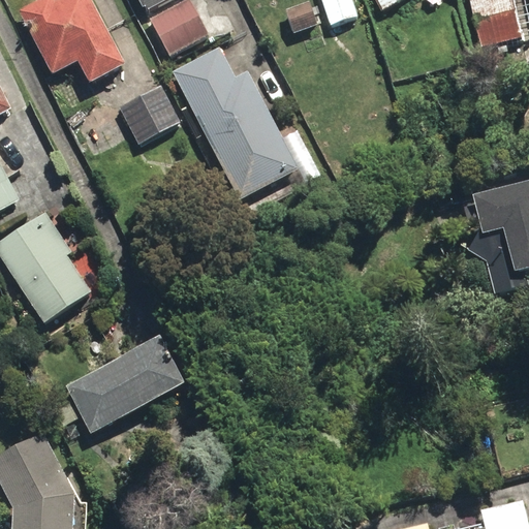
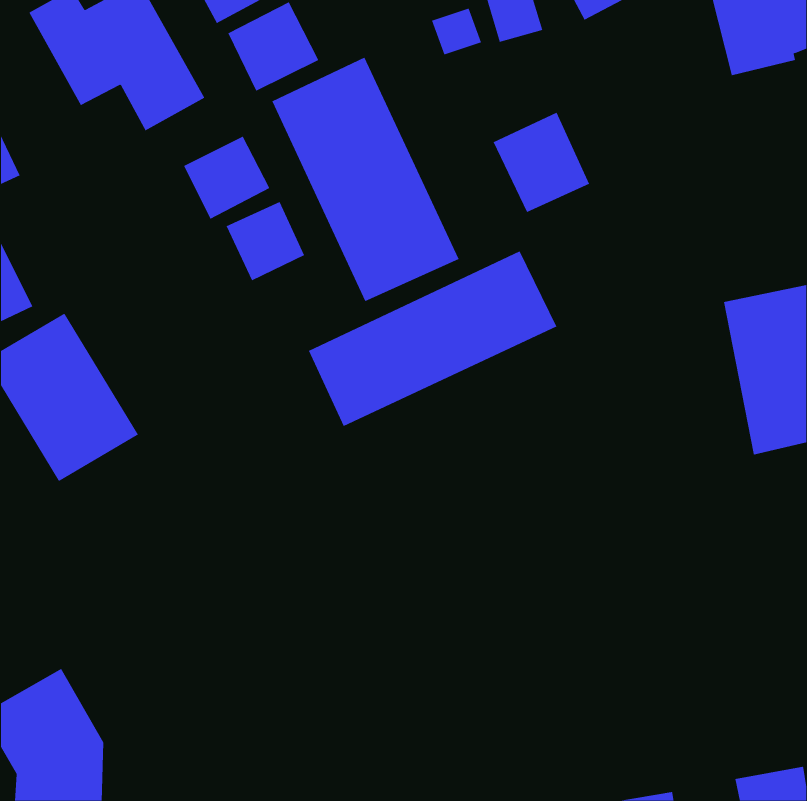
building: none -> [493,112,590,213]
building: none -> [226,201,305,281]
building: none -> [308,251,557,427]
building: [62,332,181,433] -> none

